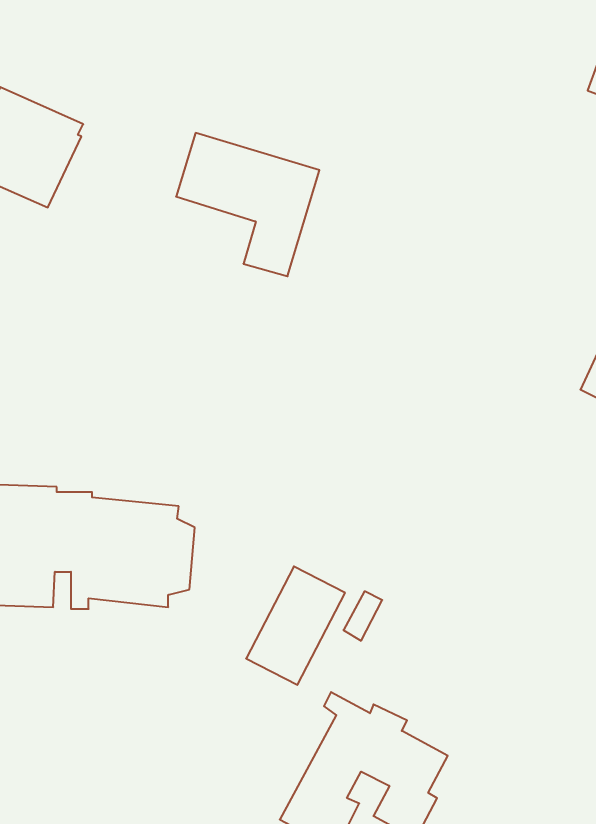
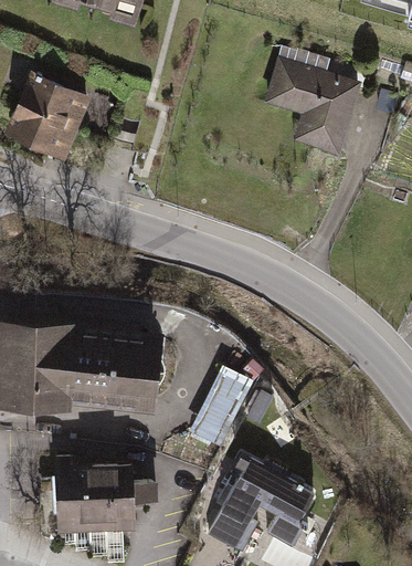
building: [176,133,319,276] -> [267,61,357,150]
building: none -> [56,458,156,531]

